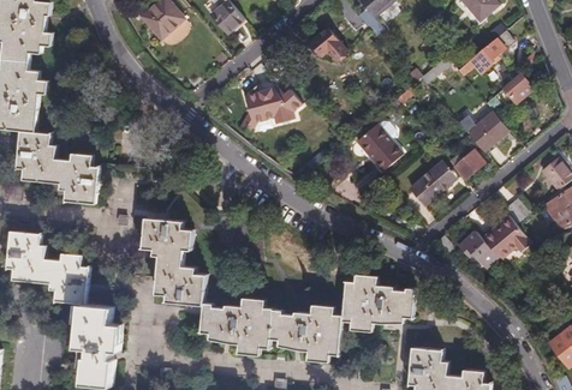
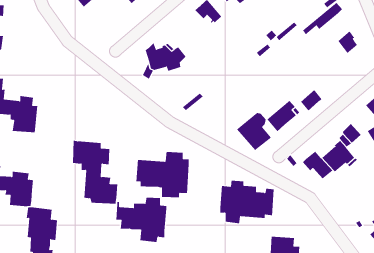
building: [466,108,510,150] -> none
building: [353,119,401,170] -> [236,112,272,151]
building: [270,298,344,360] -> [135,152,190,198]

